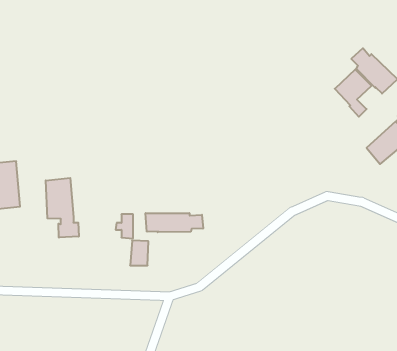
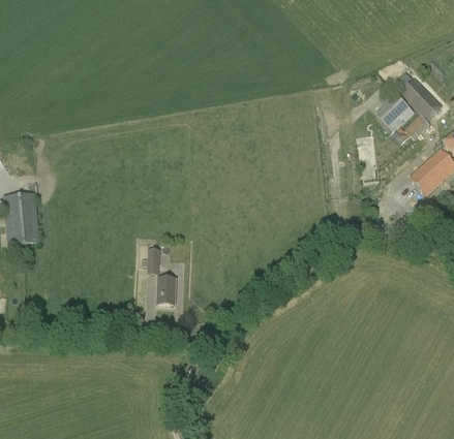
building: [46,178,79,238] -> none
building: [146,213,203,232] -> none

